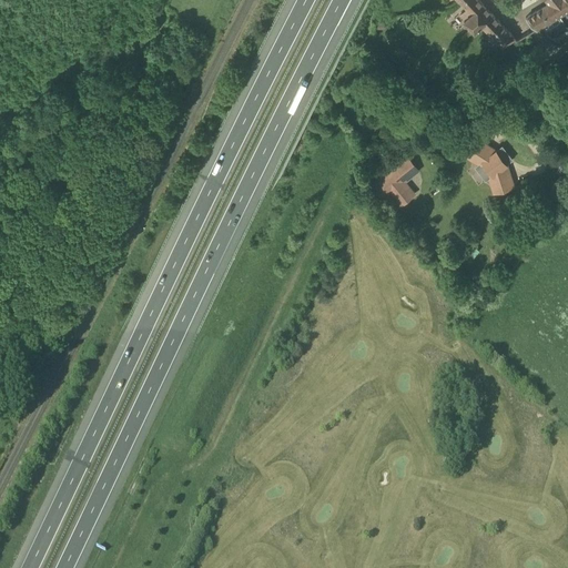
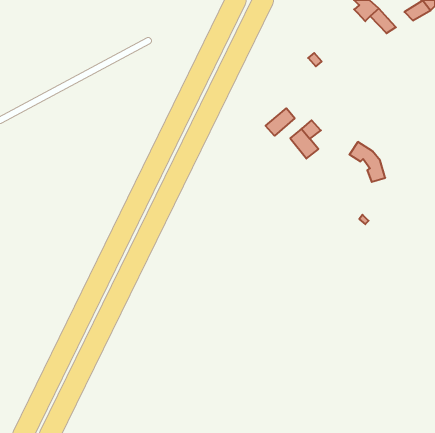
building: [466,142,513,194] -> [349,142,385,182]
building: none -> [266,108,295,136]

